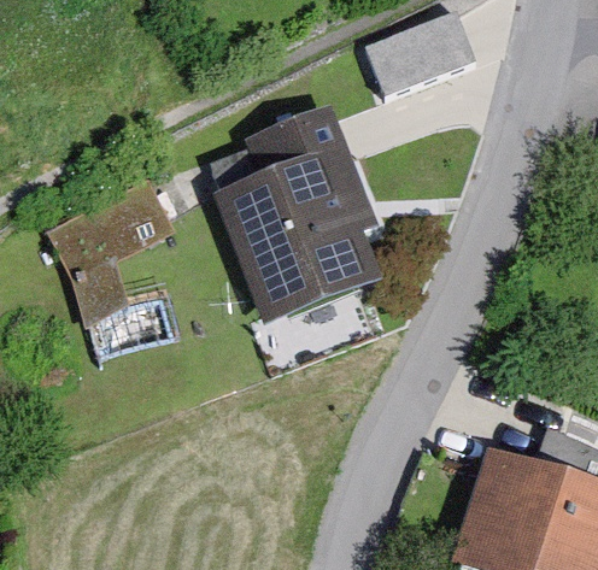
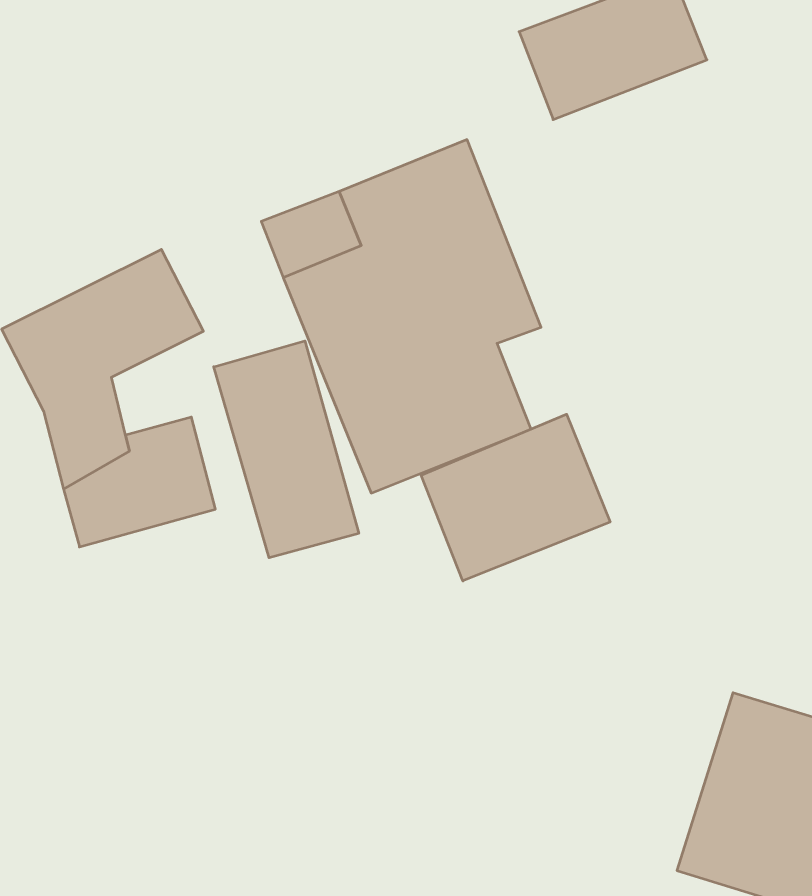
building: none -> [214,341,359,558]
building: none -> [421,414,610,581]

